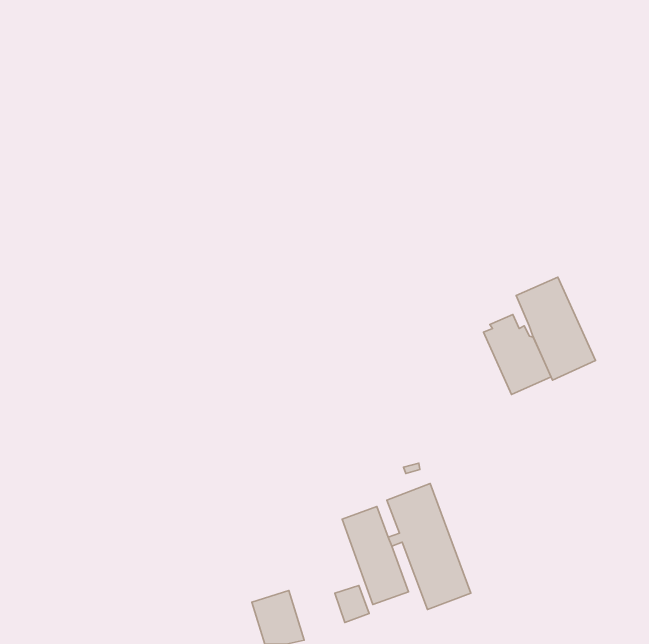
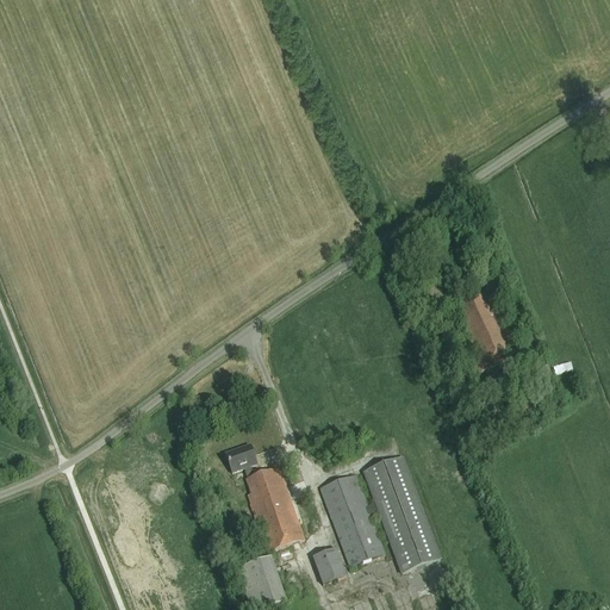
building: [516,277,595,380] -> none
building: none -> [224,442,304,549]

